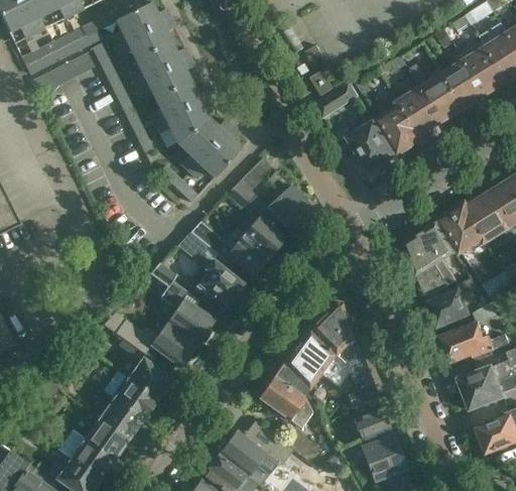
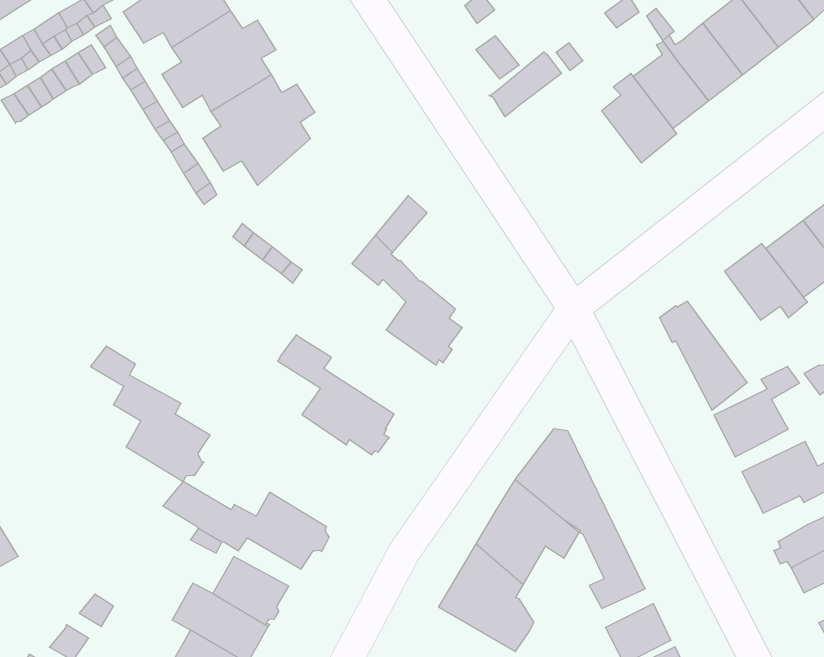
building: [346,116,395,170] -> none
building: [176,119,241,178] -> none
building: [266,169,313,233] -> none
building: [191,220,270,277] -> none
building: [419,222,459,284] -> none
building: [150,262,216,345] -> [91,346,210,481]

